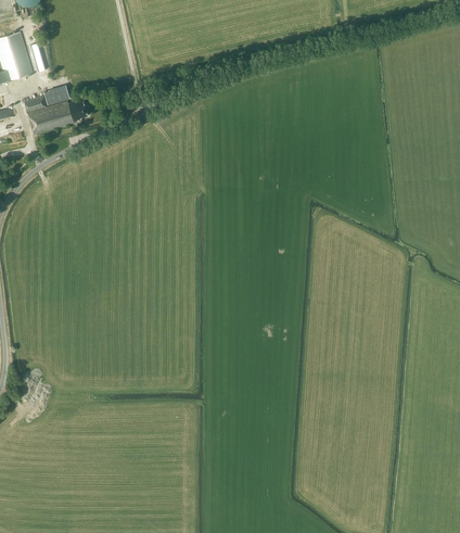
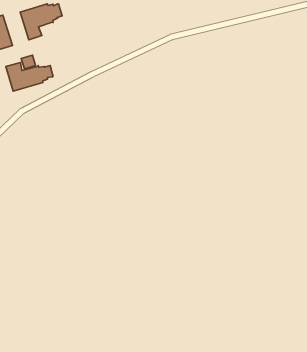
building: none -> [20,4,62,40]

